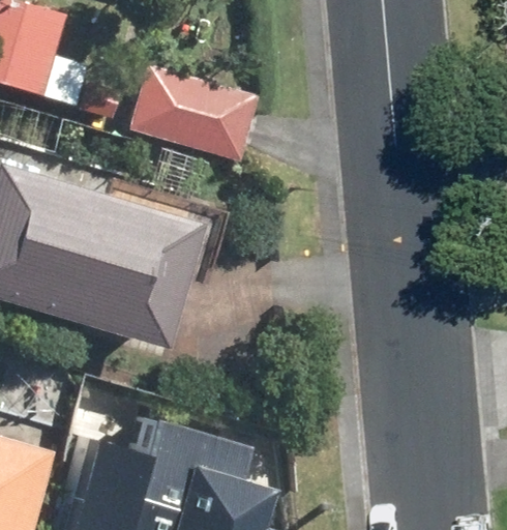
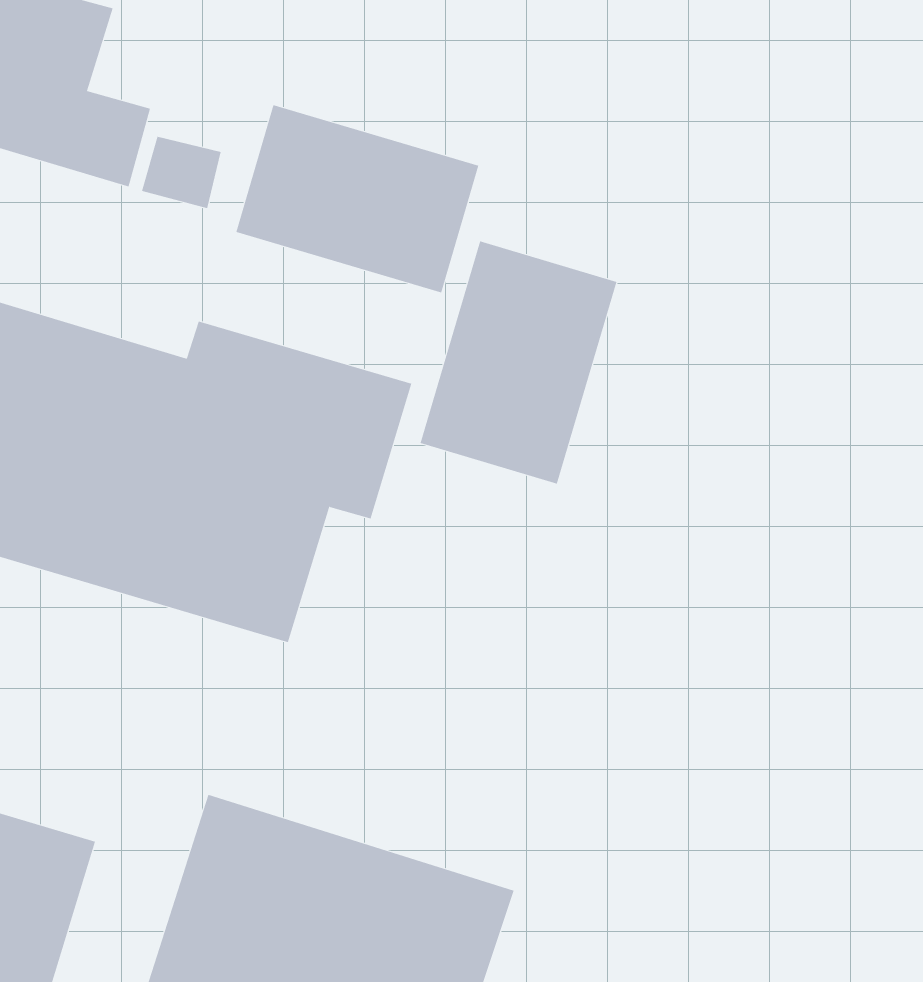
building: none -> [420,241,617,484]

